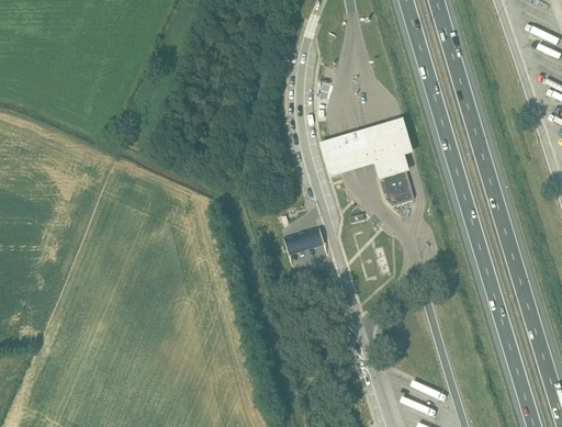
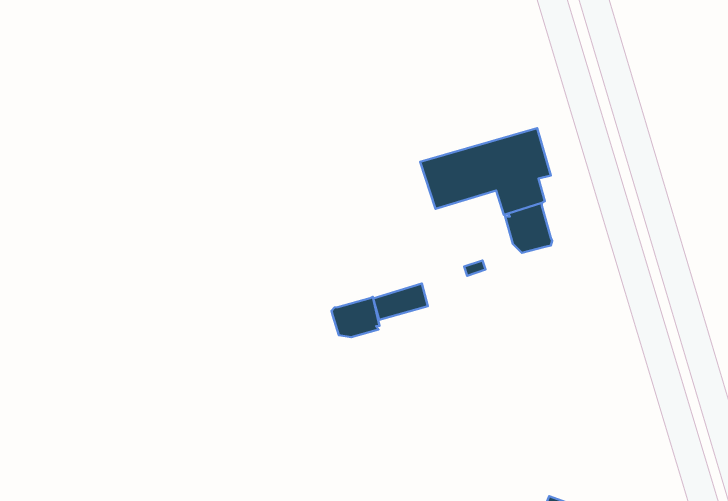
building: none -> [331,297,380,337]

